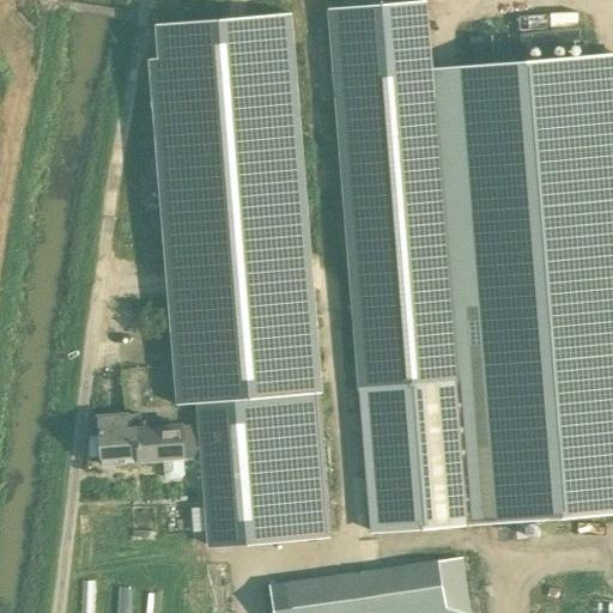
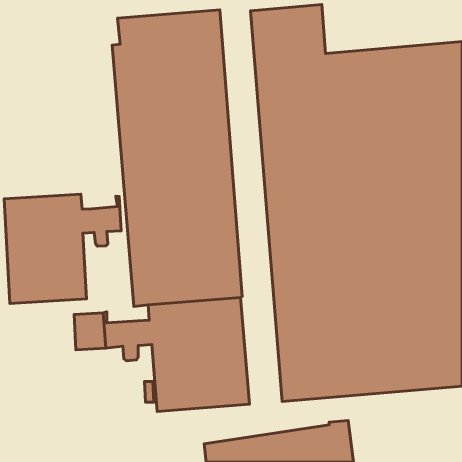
building: none -> [4,194,121,303]

